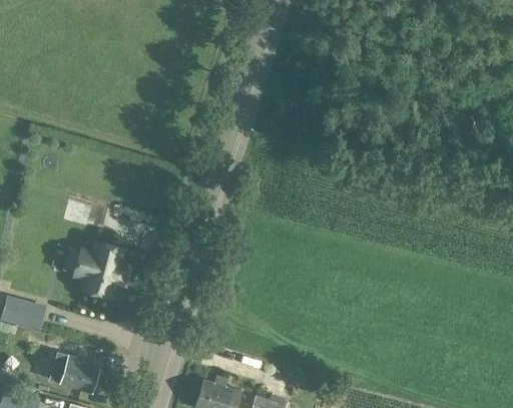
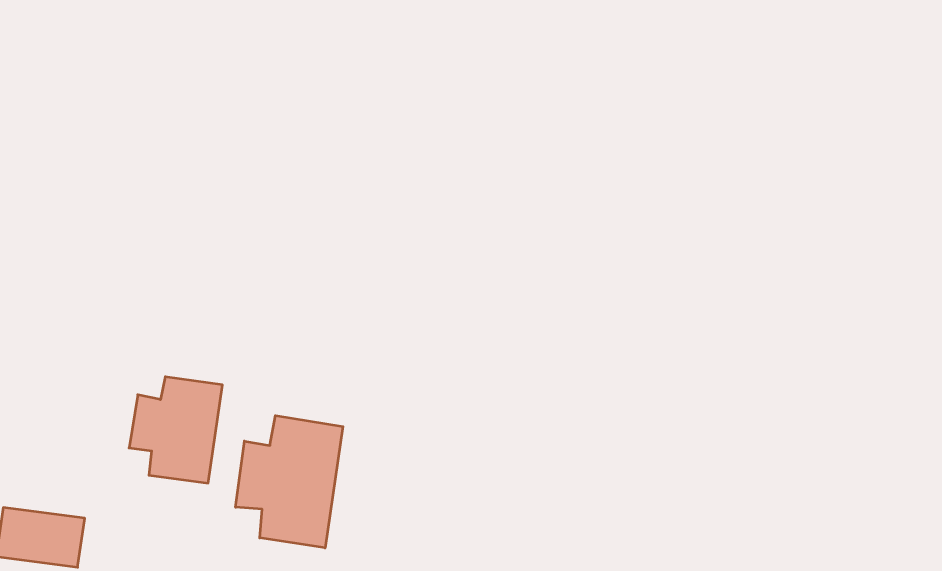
building: none -> [236,416,343,548]

